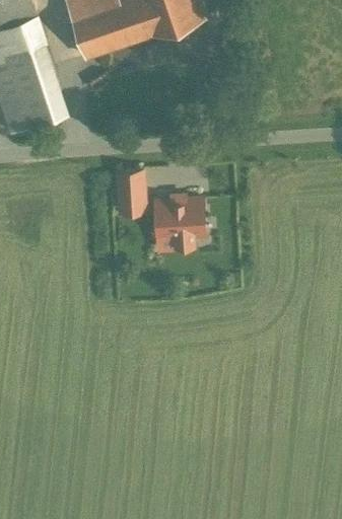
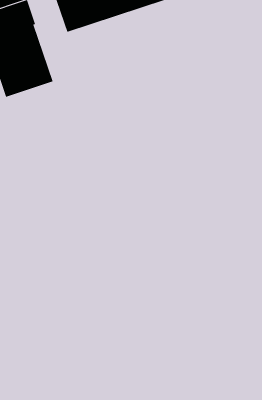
building: [115,166,205,250] -> none

